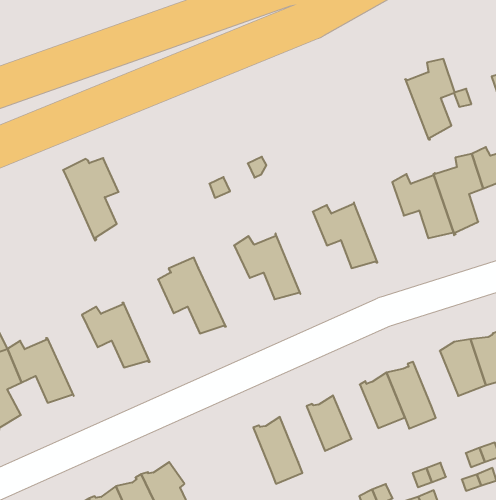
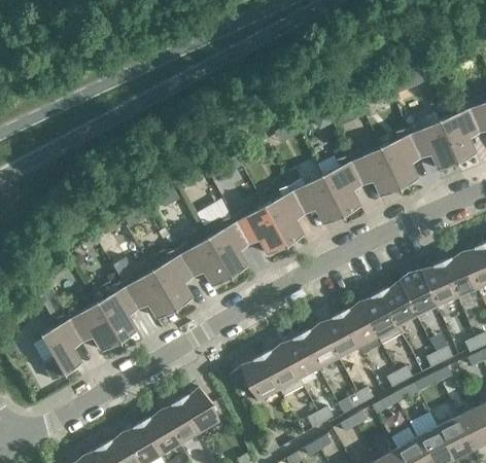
building: [405,59,455,140] -> [321,156,360,219]
building: [63,158,119,241] -> [147,249,193,313]
building: none -> [264,185,304,249]
building: none -> [207,217,248,280]
building: none -> [92,282,137,345]
building: none -> [379,282,416,325]
building: none -> [320,314,357,356]
building: none -> [281,334,318,378]
building: none -> [230,355,279,399]

